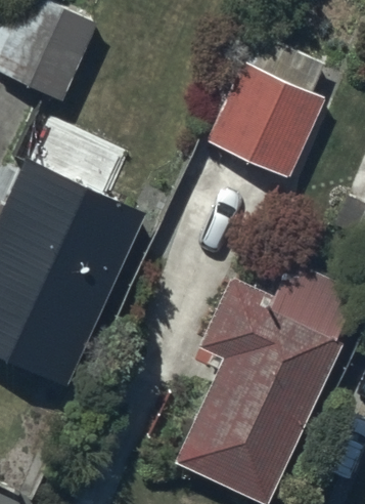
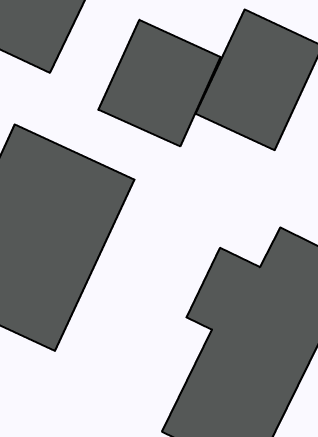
building: none -> [98,20,221,146]

